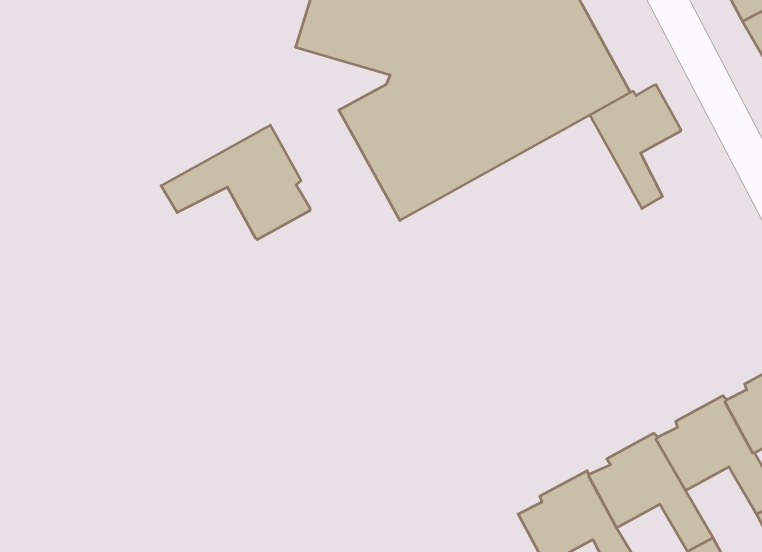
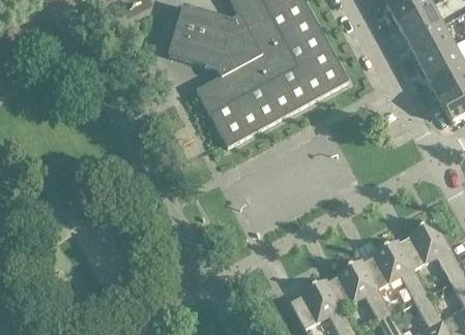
building: [590,85,681,209] -> none
building: [161,125,310,240] -> none

